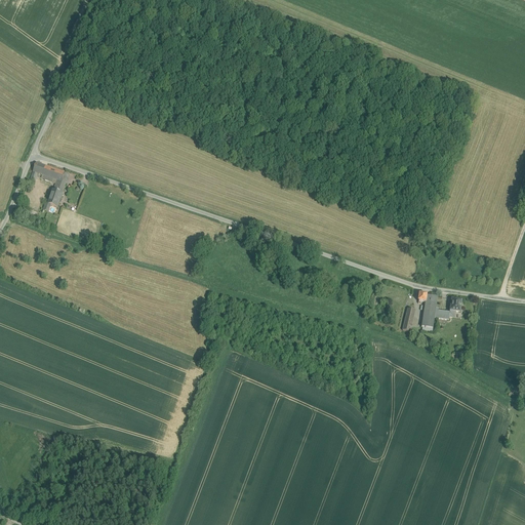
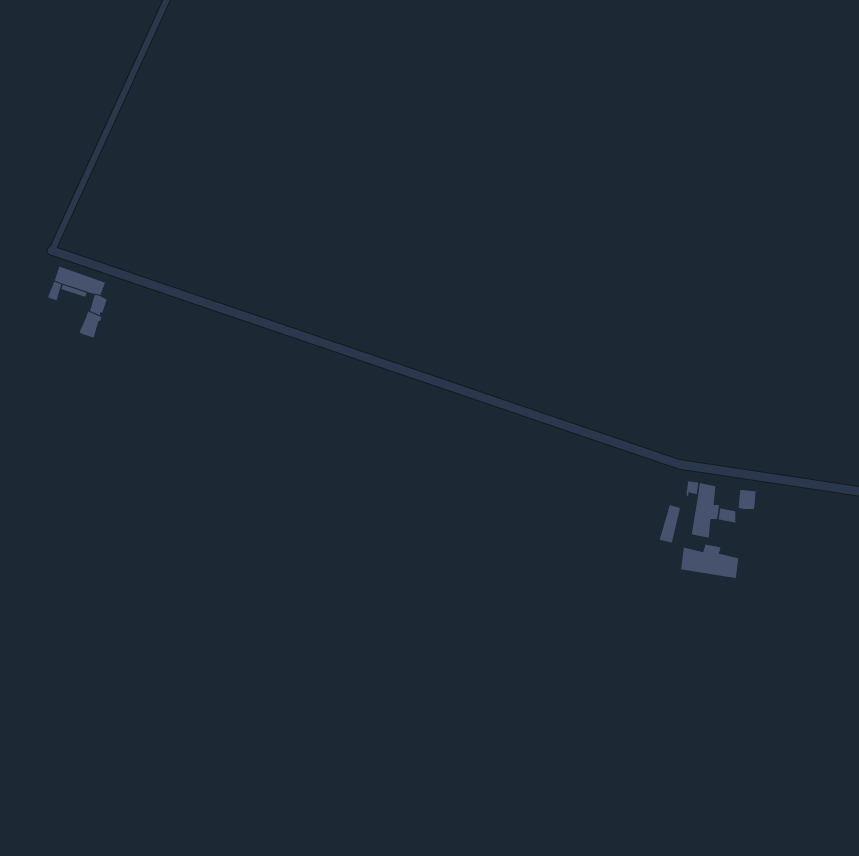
building: none -> [680,544,739,579]

